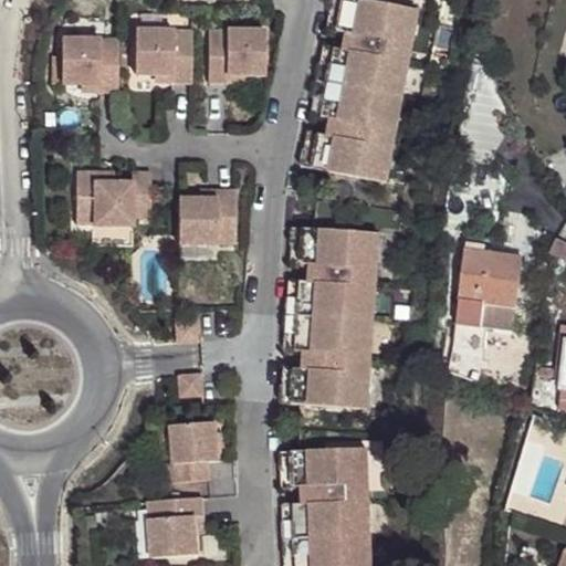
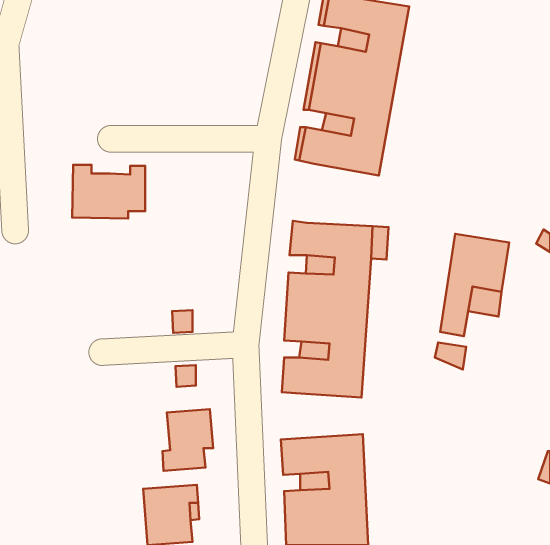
building: [133,28,190,81] -> none
building: [207,28,264,80] -> none
building: [59,38,117,92] -> none
building: [177,190,235,245] -> none

